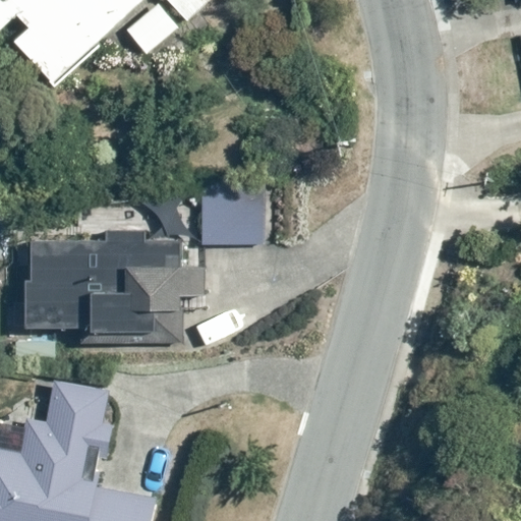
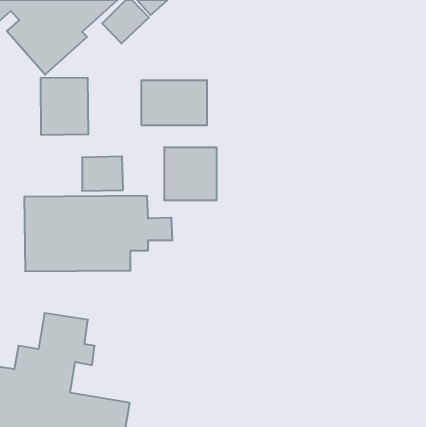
building: none -> [41,78,88,135]
building: none -> [142,80,207,125]

